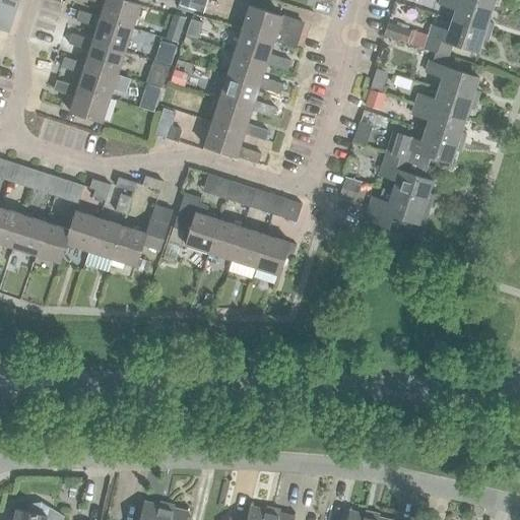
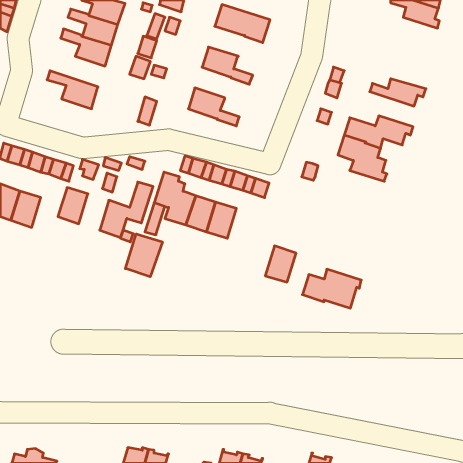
building: [384,19,491,56] -> none
building: [234,29,290,71] -> none
building: [61,56,126,98] -> none
building: [425,61,479,100] -> none
building: [218,75,275,118] -> none
building: [410,103,466,142] -> none
building: [203,122,260,164] -> none
building: [365,191,431,235] -> [302,269,361,308]
building: [88,217,122,258] -> none
building: [36,221,69,262] -> none
building: [255,234,289,274] -> [265,246,296,282]
building: none -> [125,234,162,277]

